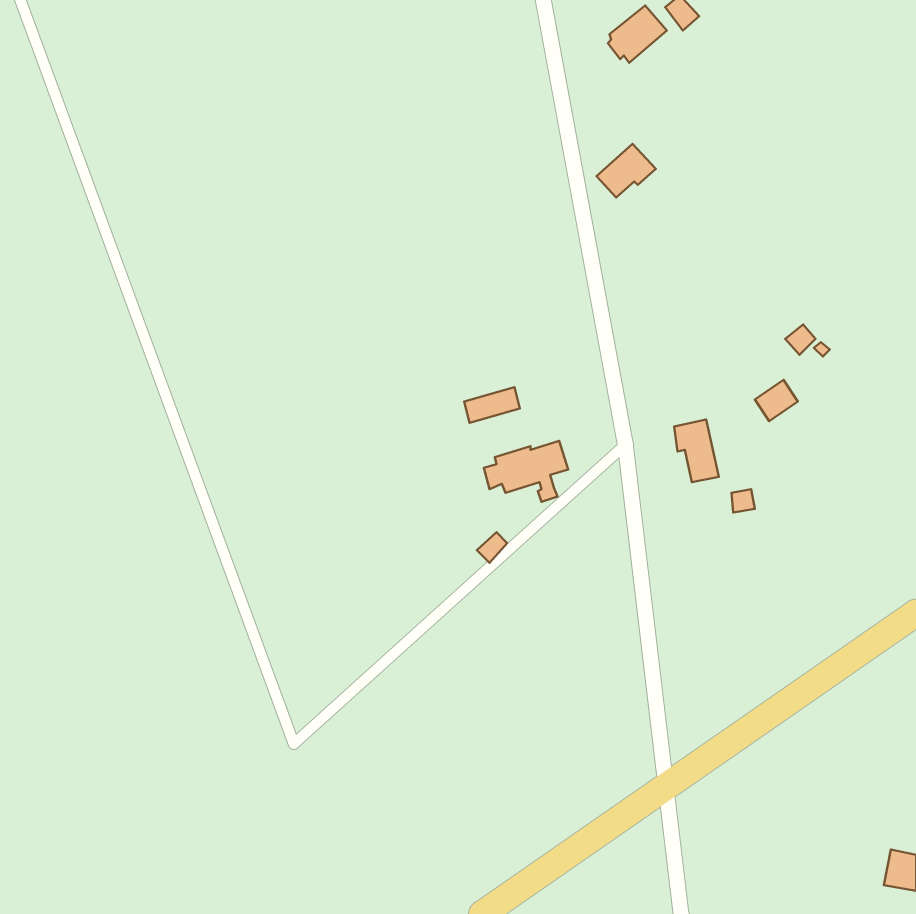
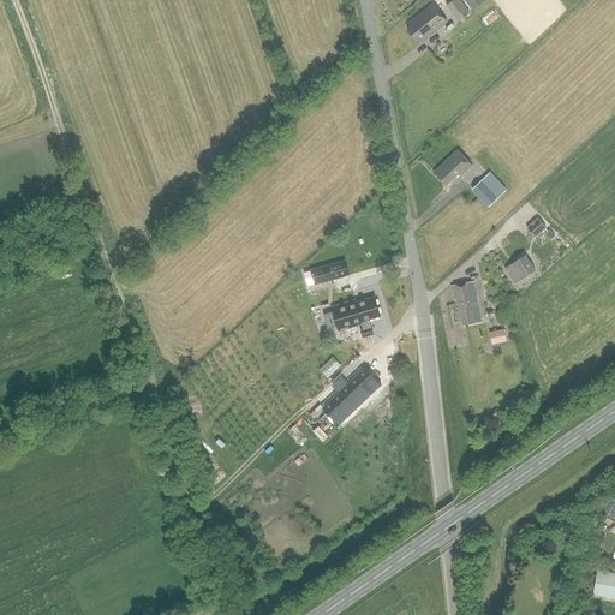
building: [597,144,656,198] -> [432,149,472,185]
building: none -> [471,171,507,208]
building: none -> [324,369,381,424]

